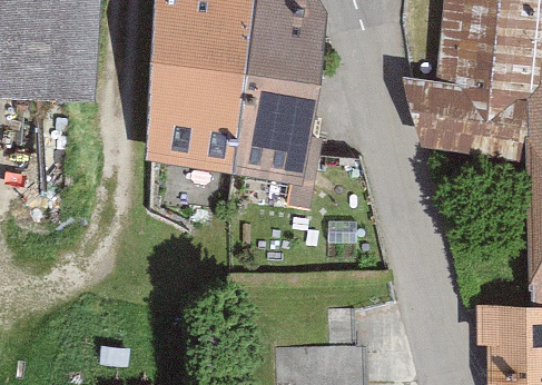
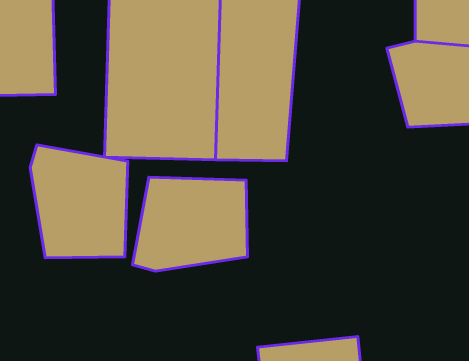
building: none -> [30,145,128,258]
building: none -> [132,177,248,271]

